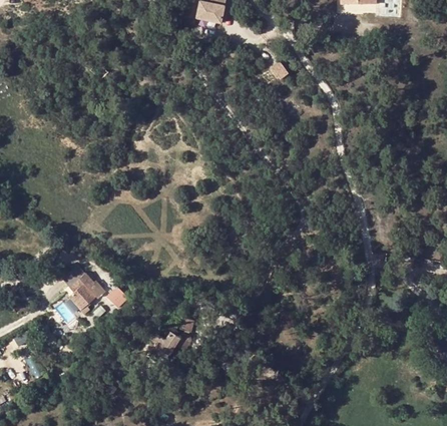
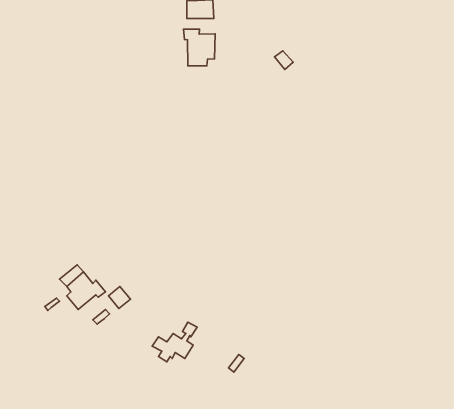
building: none -> [184,29,215,66]

